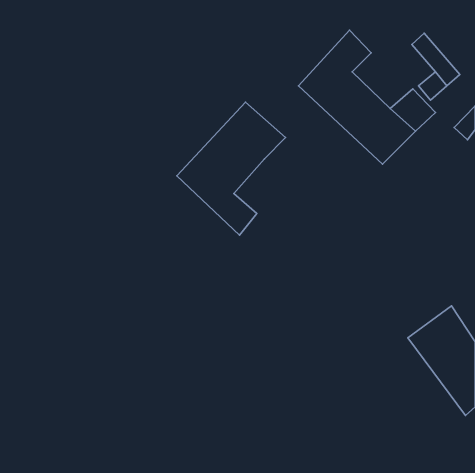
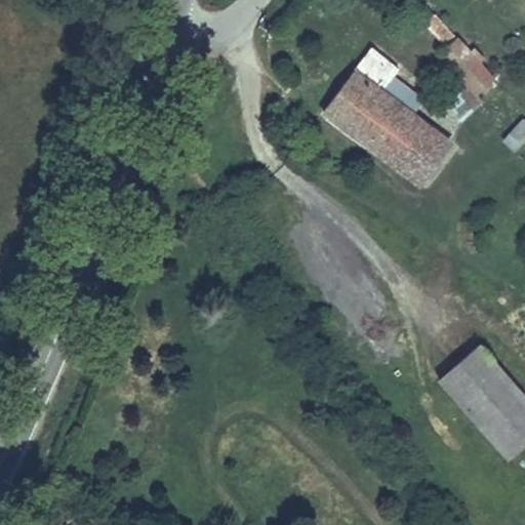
building: [177,102,285,235] -> none

